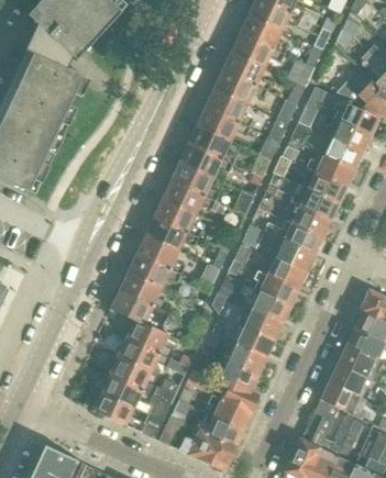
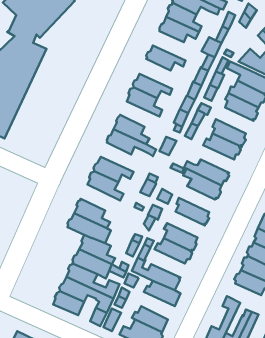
building: [223,52,271,90] -> none
building: [206,88,253,127] -> none
building: [179,144,232,177] -> none
building: [306,152,355,186] -> none
building: [155,198,201,236] -> none
building: [286,201,330,237] -> none
building: [129,253,180,287] -> none
building: [257,255,307,289] -> none
building: [242,288,291,322] -> none
building: [221,337,265,375] -> none
building: [322,382,365,418] -> none
building: [208,393,252,430] -> none

